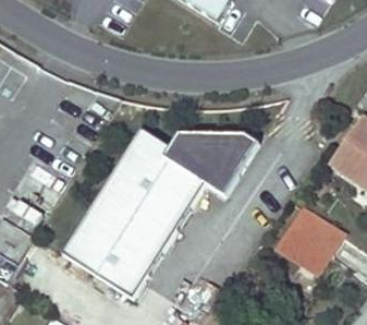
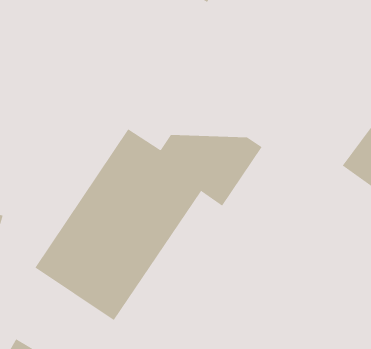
building: [278,207,344,274] -> none

